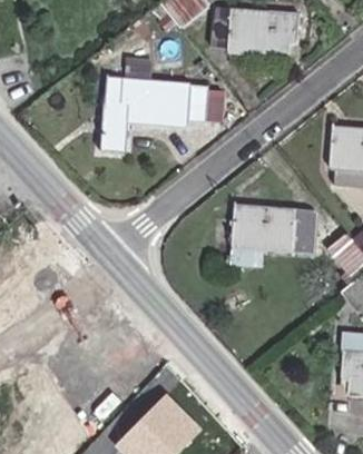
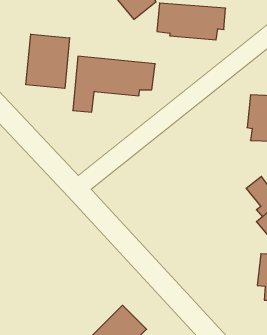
building: none -> [26,34,70,88]
building: [230,201,317,255] -> none

